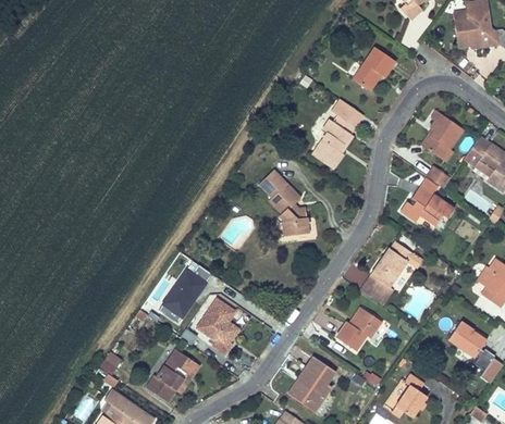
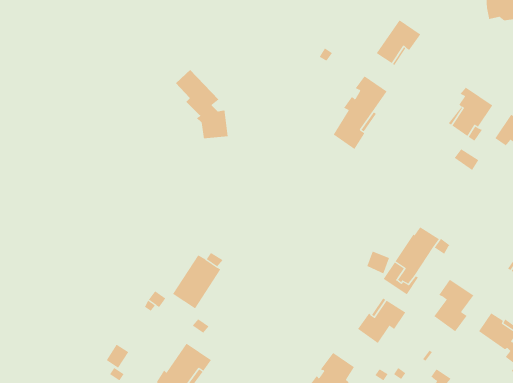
building: [259,171,309,236] -> [175,69,229,139]
building: [399,186,453,226] -> none
building: none -> [434,279,474,332]
building: [196,300,238,356] -> none

